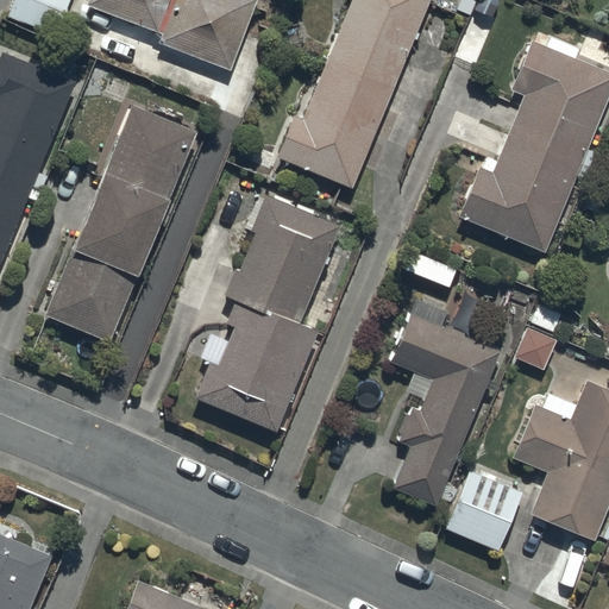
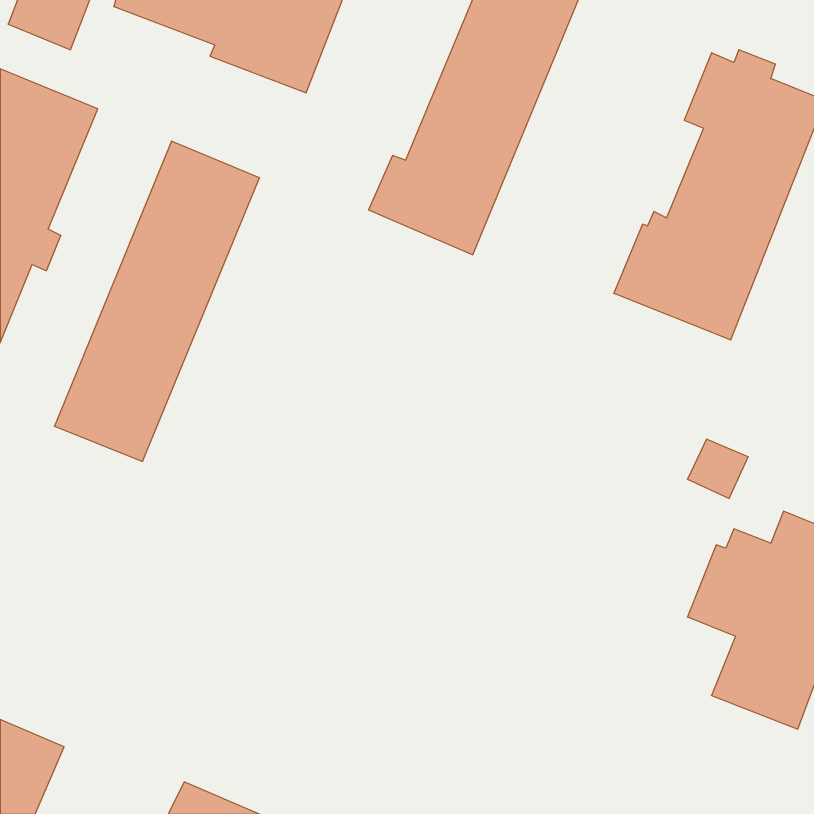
building: [194,194,341,432] -> none
building: [391,296,502,506] -> none
building: [446,469,523,550] -> none

